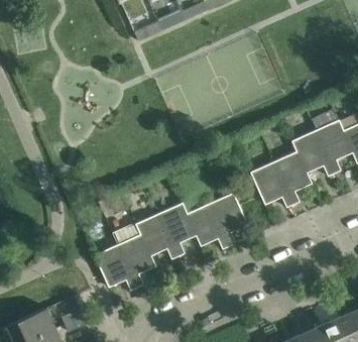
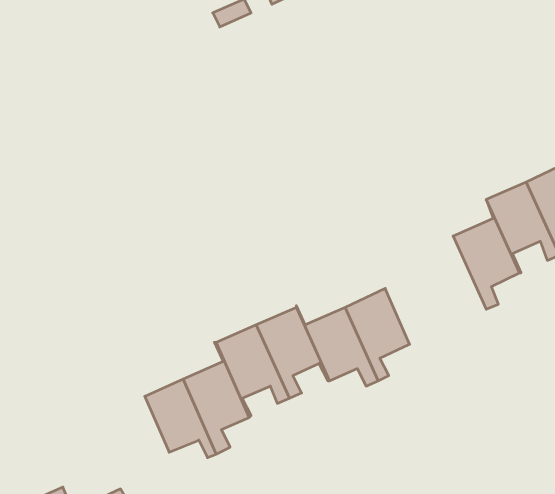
building: [250,162,291,208] -> none

